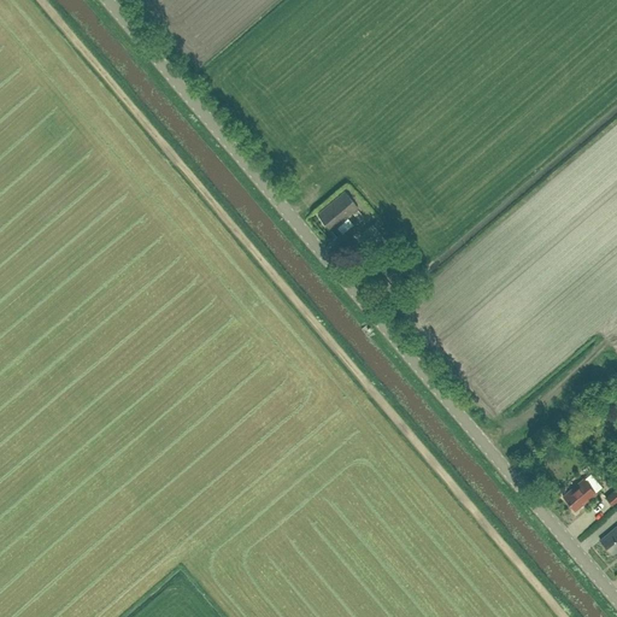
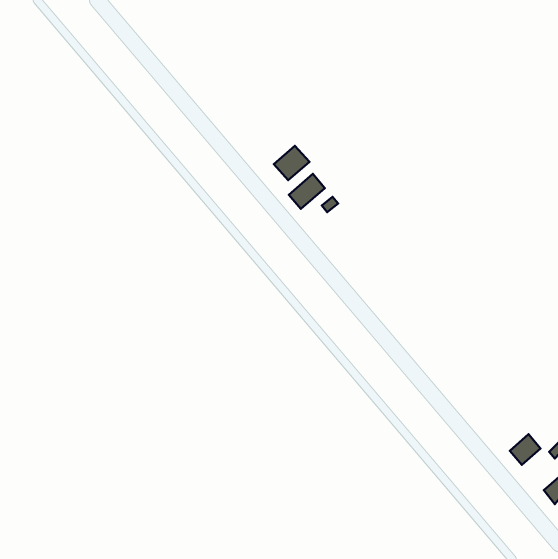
building: none -> [274,146,309,180]

